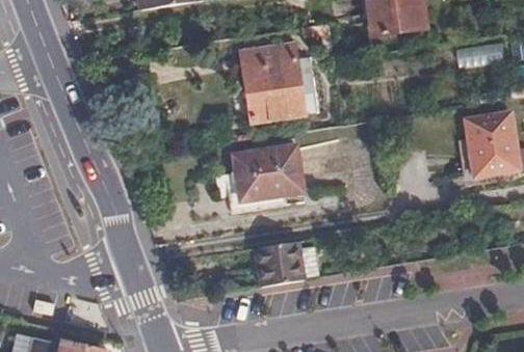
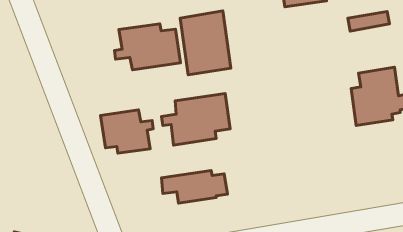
building: none -> [114,24,181,70]
building: none -> [101,110,153,153]

